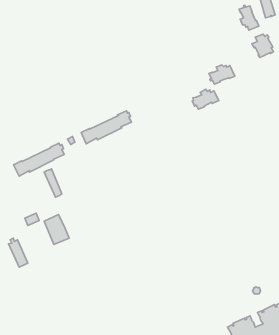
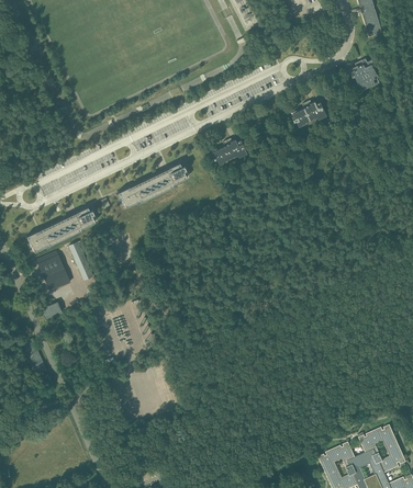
building: [239,5,259,30] -> none
building: [192,89,219,109] -> [212,138,248,166]
building: [44,215,69,244] -> [36,251,70,292]

